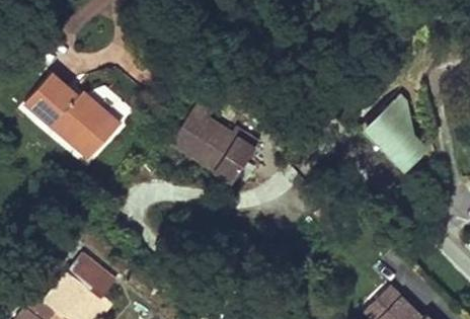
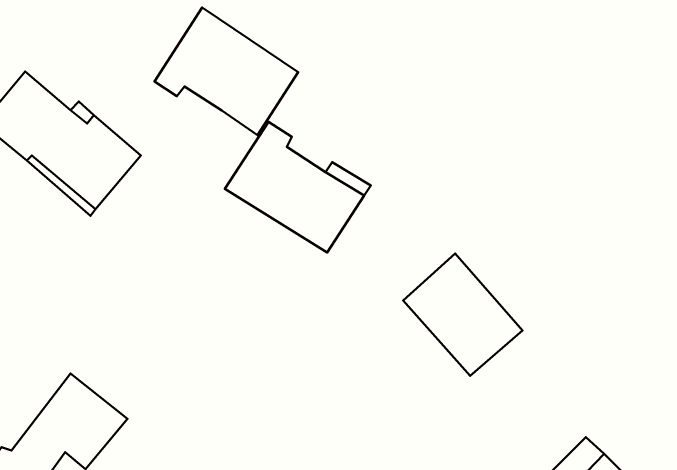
building: none -> [154,7,298,135]
building: [362,98,434,172] -> [403,253,522,376]

